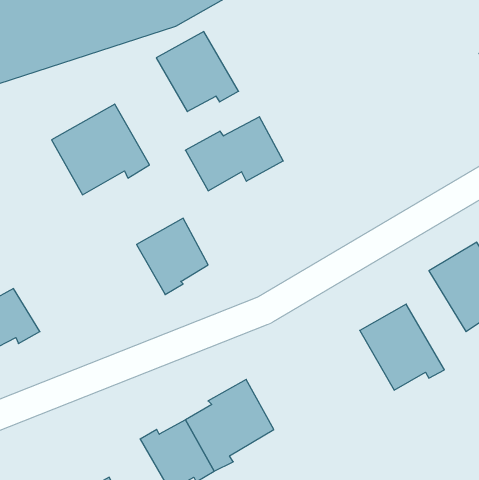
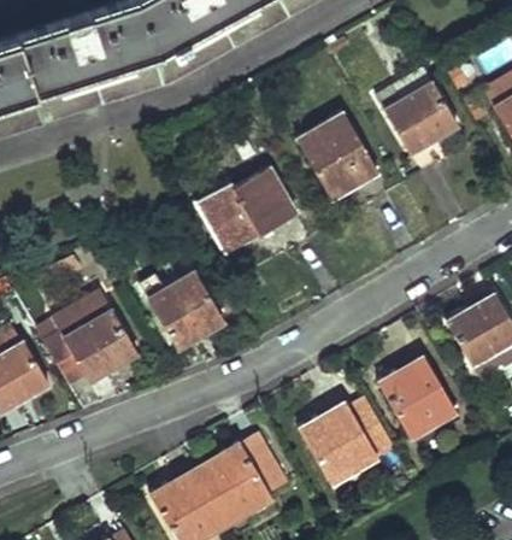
building: none -> [376,81,458,147]
building: [156,32,239,112] -> [295,111,378,192]
building: [52,104,149,195] -> [39,292,137,383]
building: none -> [295,400,392,489]

